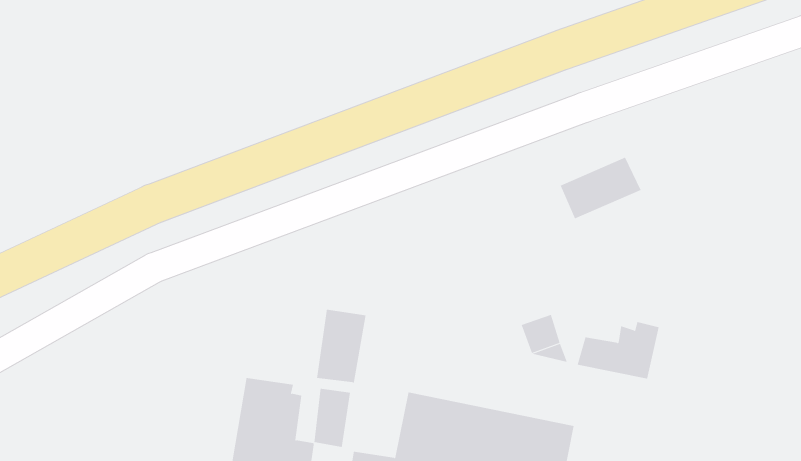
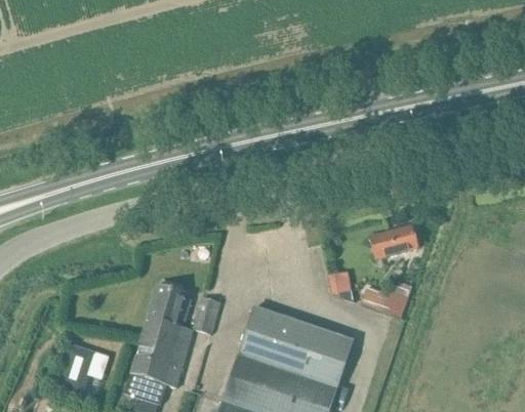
building: [560,157,642,219] -> [369,225,418,259]
building: [316,309,366,384] -> none

